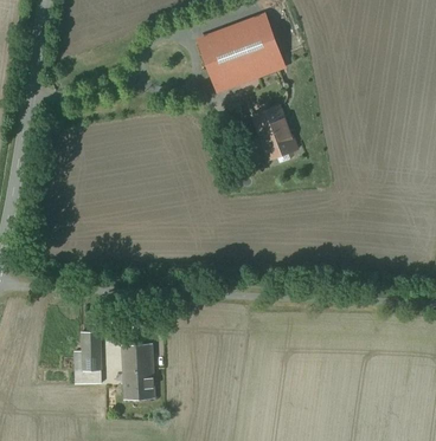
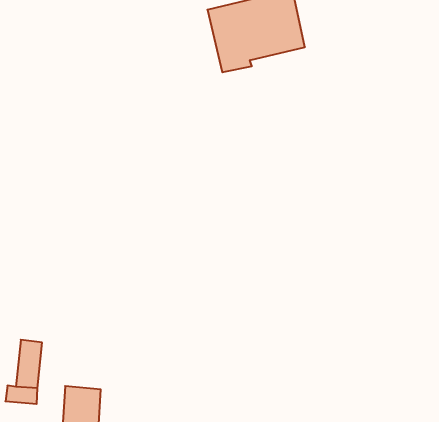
building: [251,105,297,160] -> none
building: [122,344,152,365] -> none

